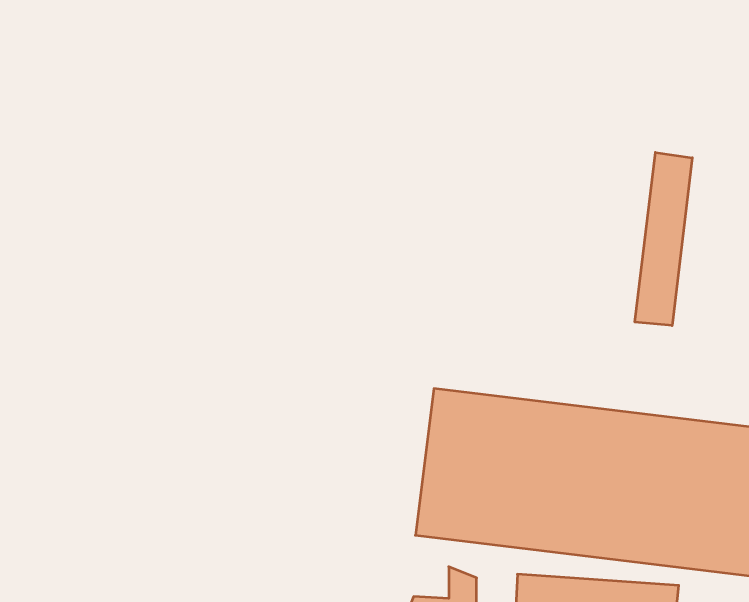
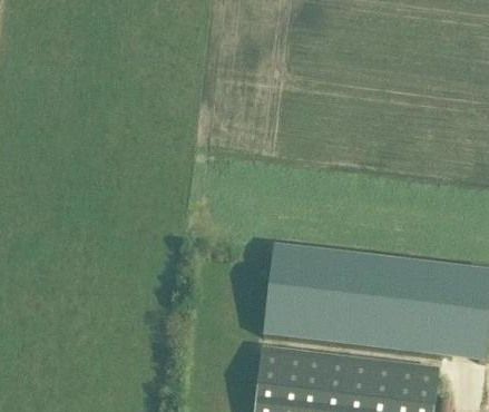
building: [635,152,692,326] -> none

